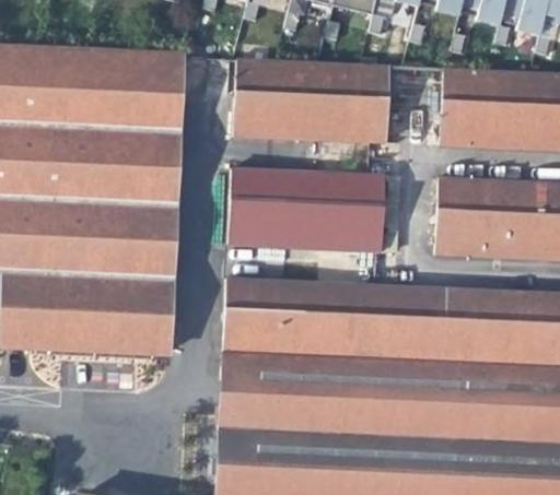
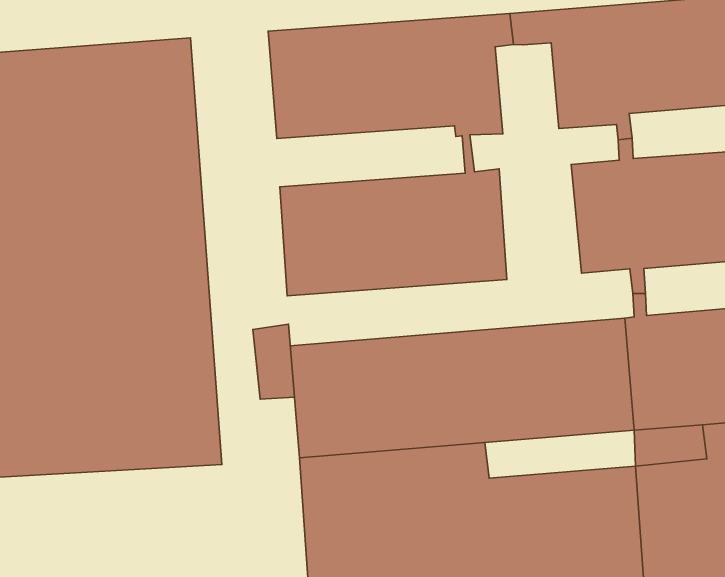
building: none -> [253,324,295,399]
building: [353,363,458,392] -> none

